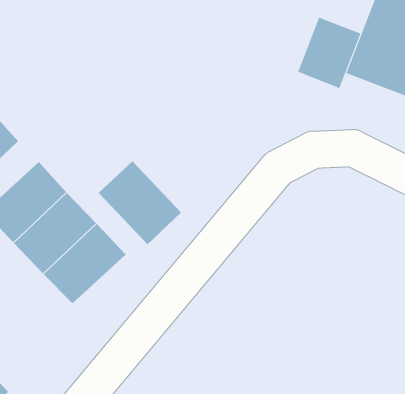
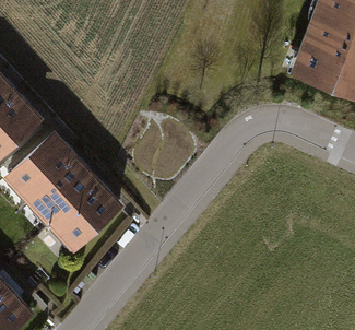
building: [297,17,361,89] -> none
building: [98,160,182,245] -> none

